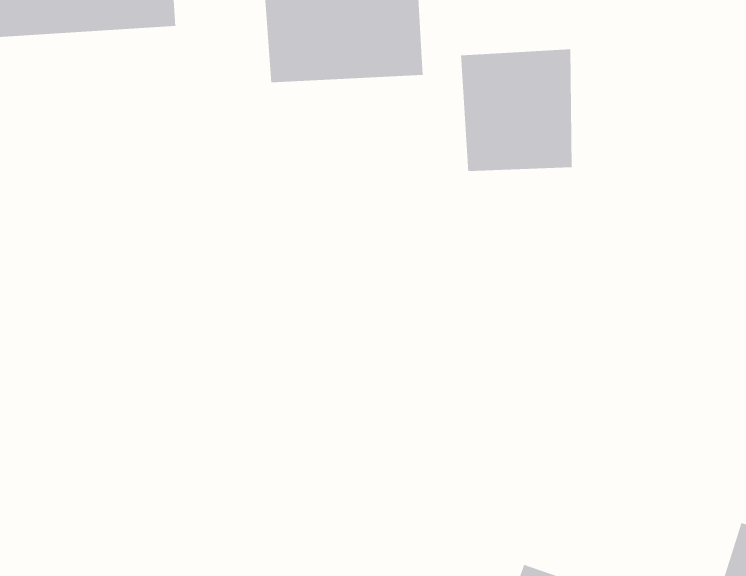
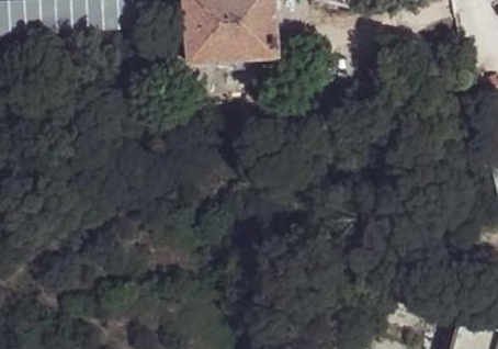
building: [461,49,572,172] -> none

